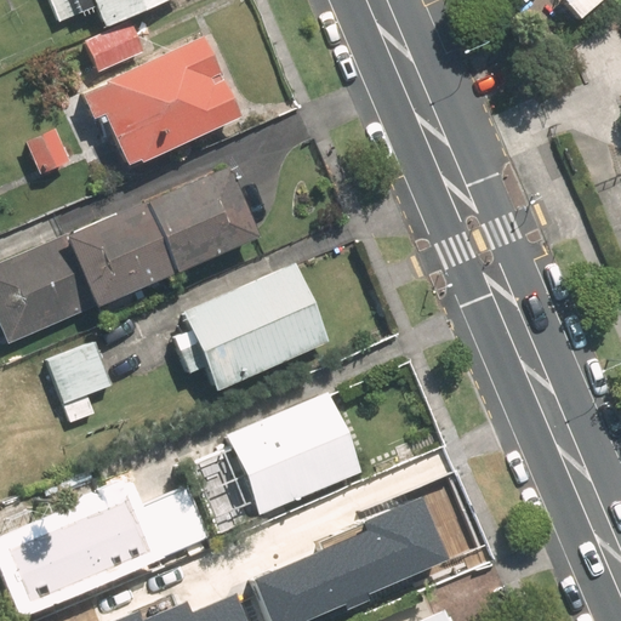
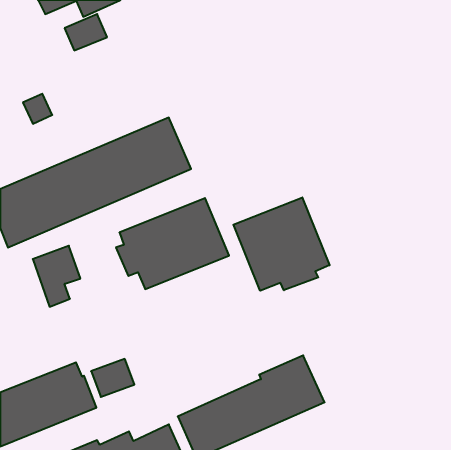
building: [91,39,247,164] -> none
building: none -> [233,197,330,291]
building: [176,399,349,525] -> none

